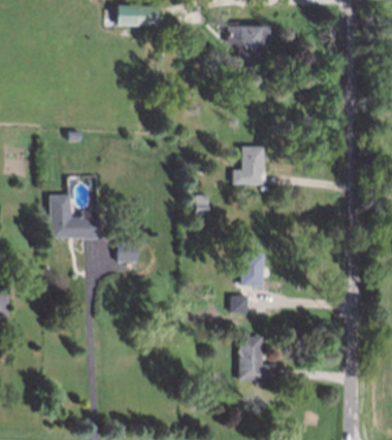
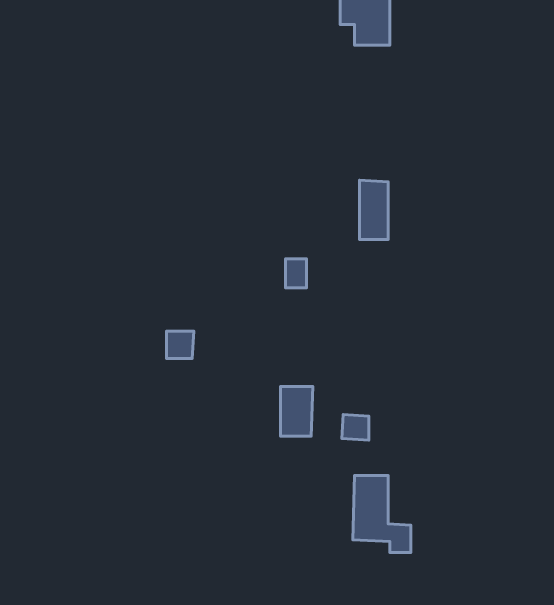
building: [52,196,99,237] -> none
building: [243,252,264,284] -> [281,387,313,436]

